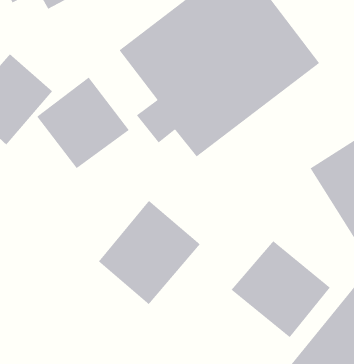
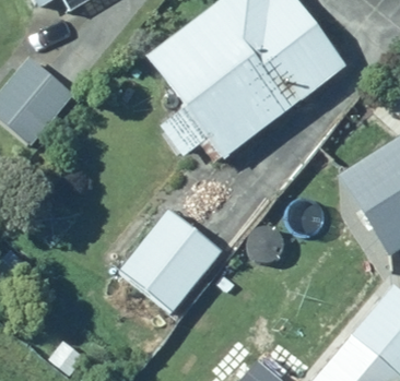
building: [36,76,130,169] -> none
building: [231,240,331,338] -> none

